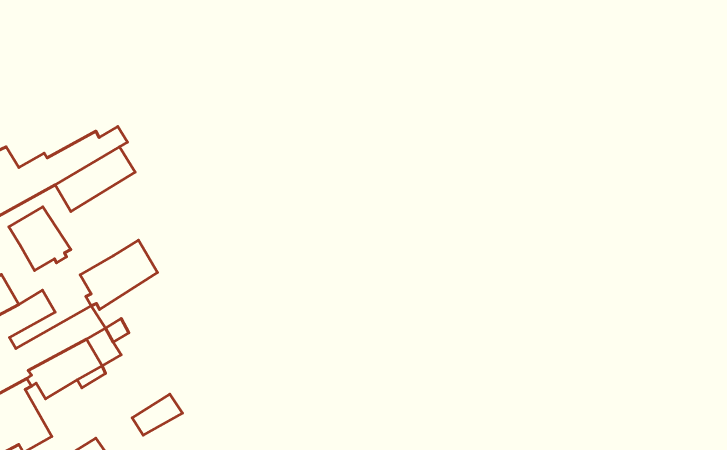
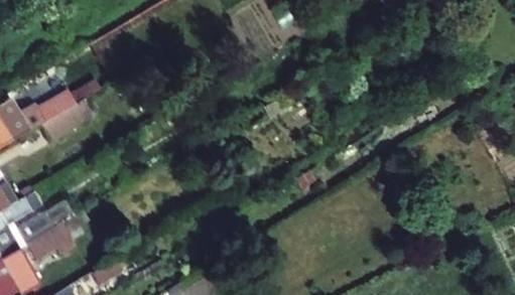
building: [9,207,71,270] -> none
building: [80,240,157,309] -> none

